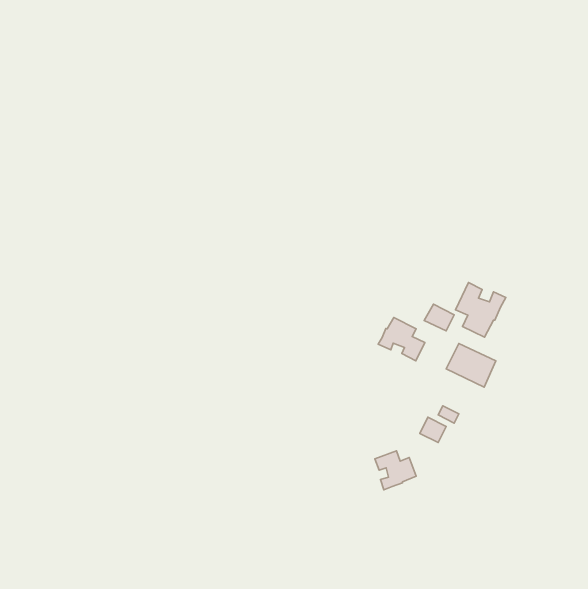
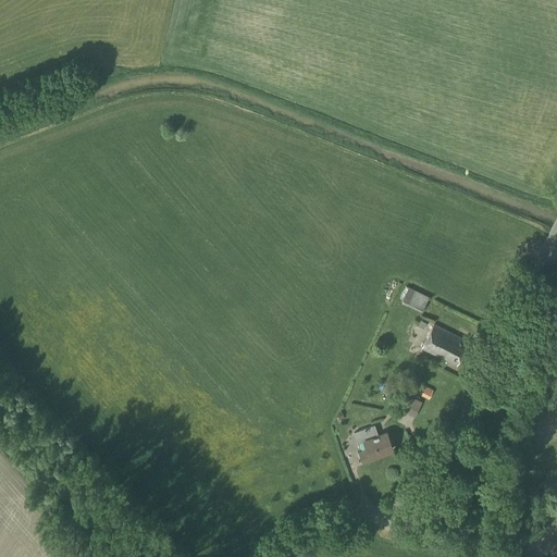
building: [456,283,506,337] -> none
building: [378,318,425,361] -> none

